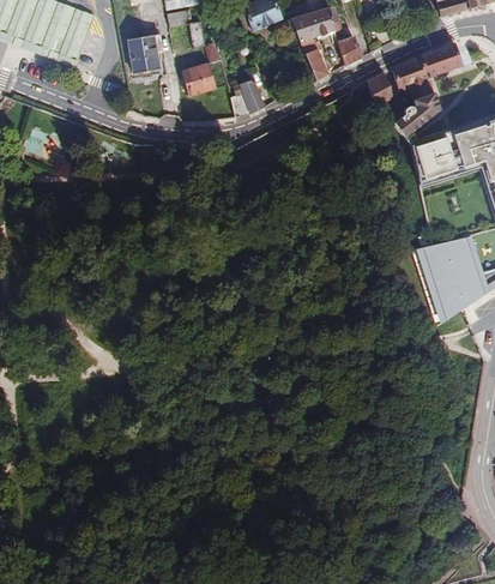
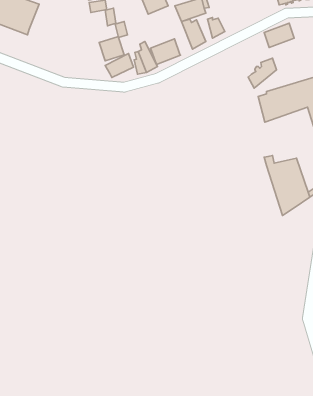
building: [127,34,163,73] -> none
building: [391,56,430,100] -> none
building: none -> [150,39,180,65]
building: [367,72,400,121] -> none
building: none -> [105,54,134,77]

